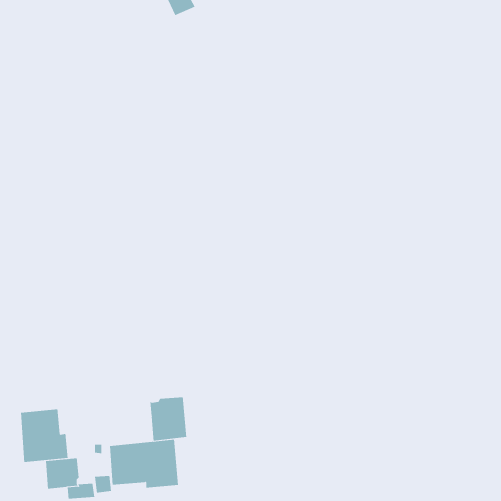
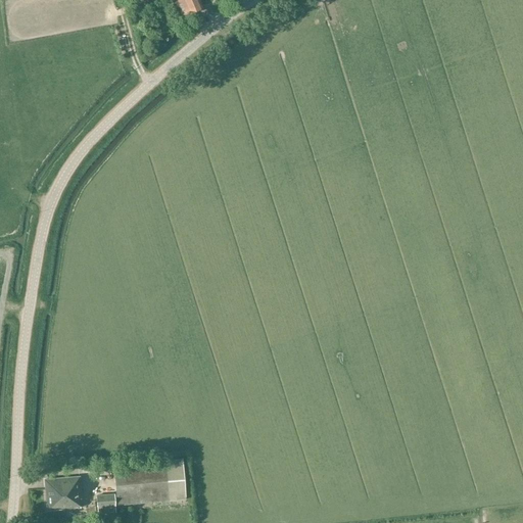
building: [150,396,187,441] -> none
building: [20,409,68,463] -> none

